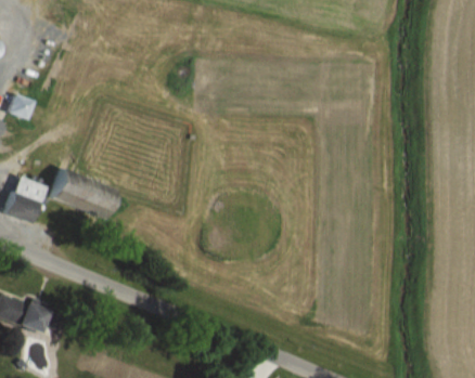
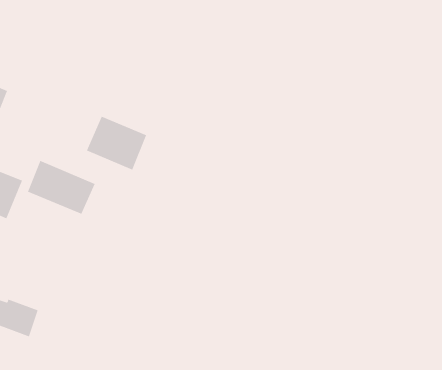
building: none -> [86,116,147,171]

